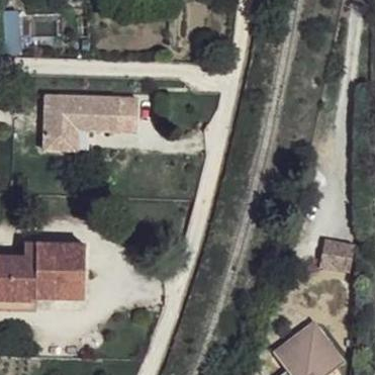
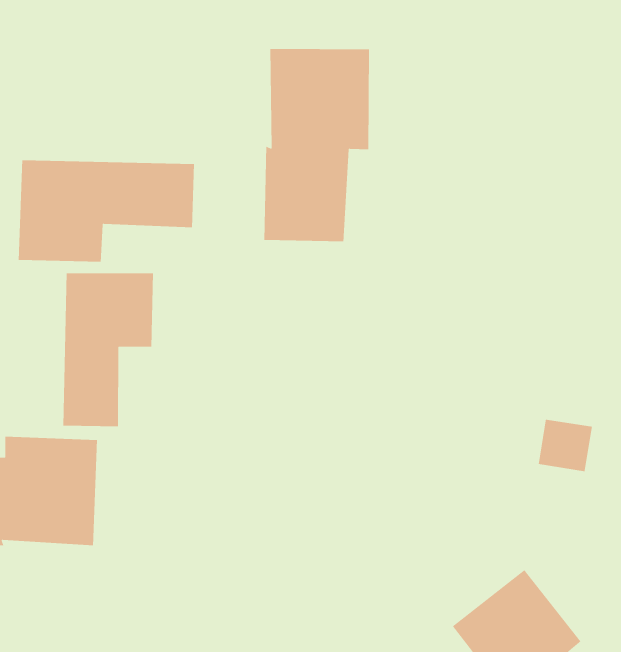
building: none -> [263,48,370,242]
building: none -> [63,272,154,427]

